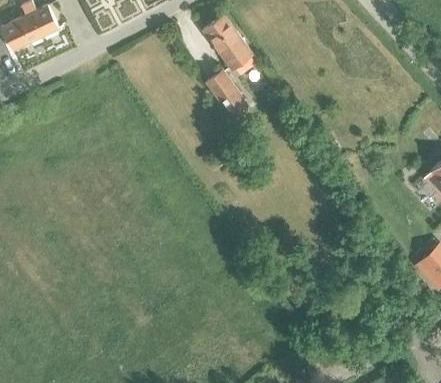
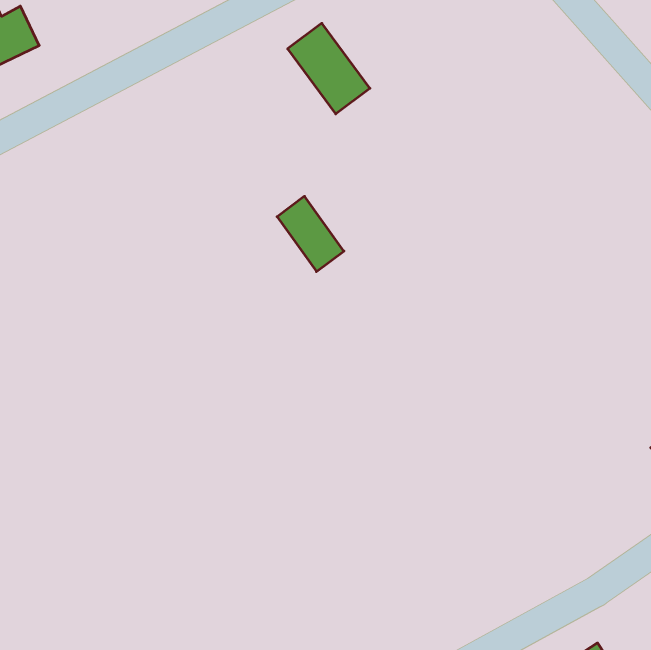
building: [206,71,245,115] -> [277,196,344,272]

